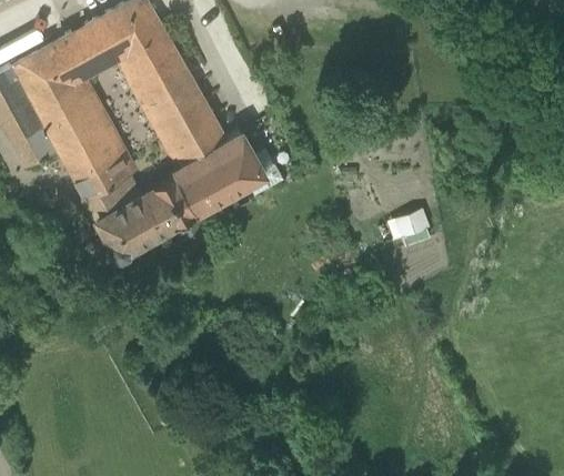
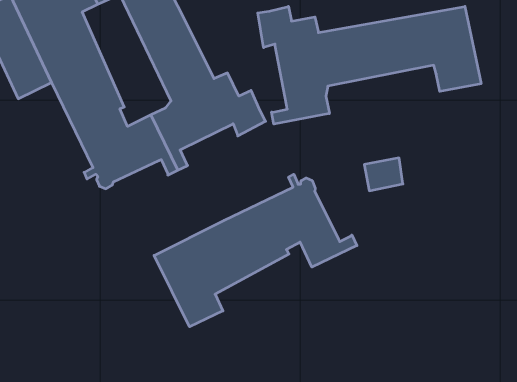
building: none -> [258,6,481,124]
building: none -> [154,174,357,327]

